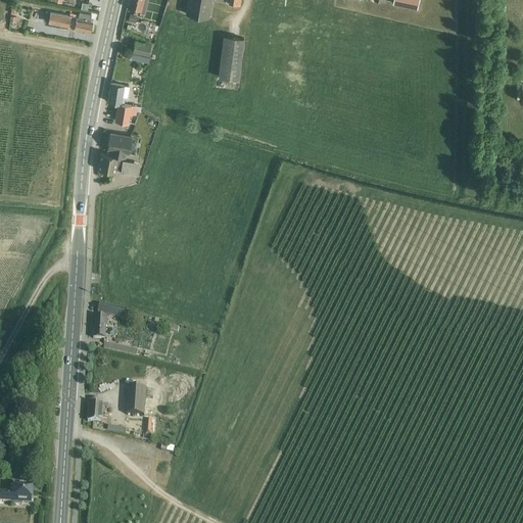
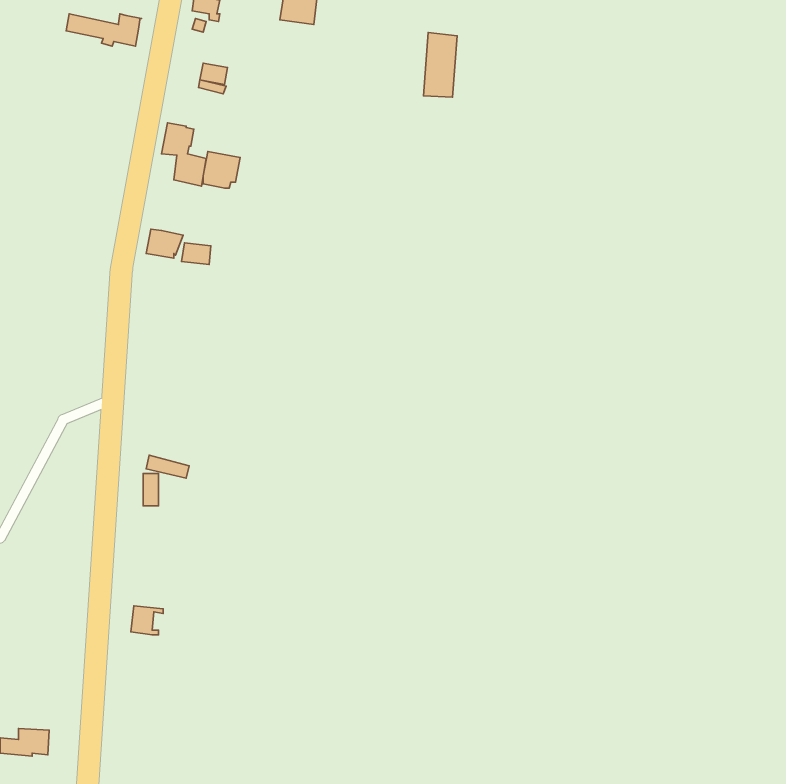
building: [220,35,242,78] -> [423,33,457,97]
building: [107,132,132,156] -> [203,151,240,188]
building: [128,387,153,415] -> none

